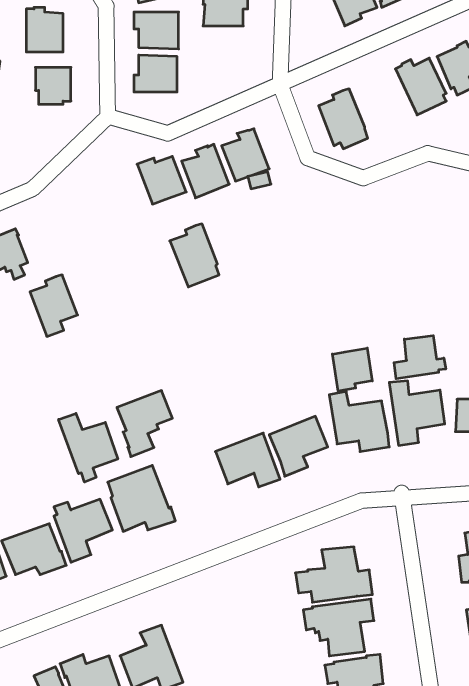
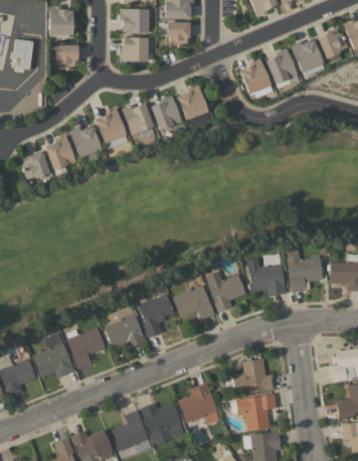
building: none -> [160,22,191,47]
building: none -> [265,48,299,85]
building: none -> [69,126,102,158]
building: [170,224,219,287] -> [96,109,128,150]
building: [30,275,78,336] -> [45,136,76,176]
building: [394,336,446,379] -> none
building: [332,348,372,391] -> none
building: [117,391,172,457] -> [139,295,175,338]
building: [59,413,118,482] -> none
building: none -> [179,382,220,424]
building: none -> [141,403,184,444]

